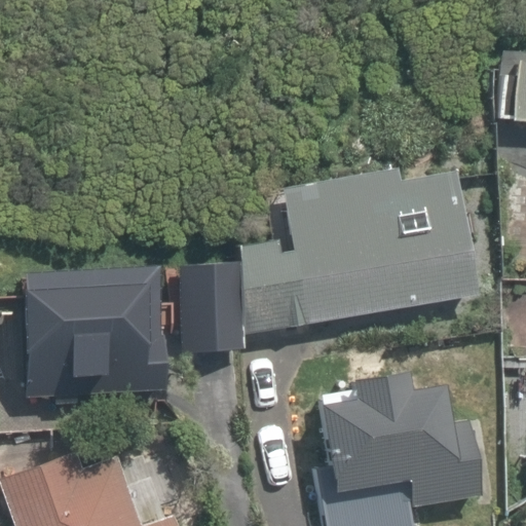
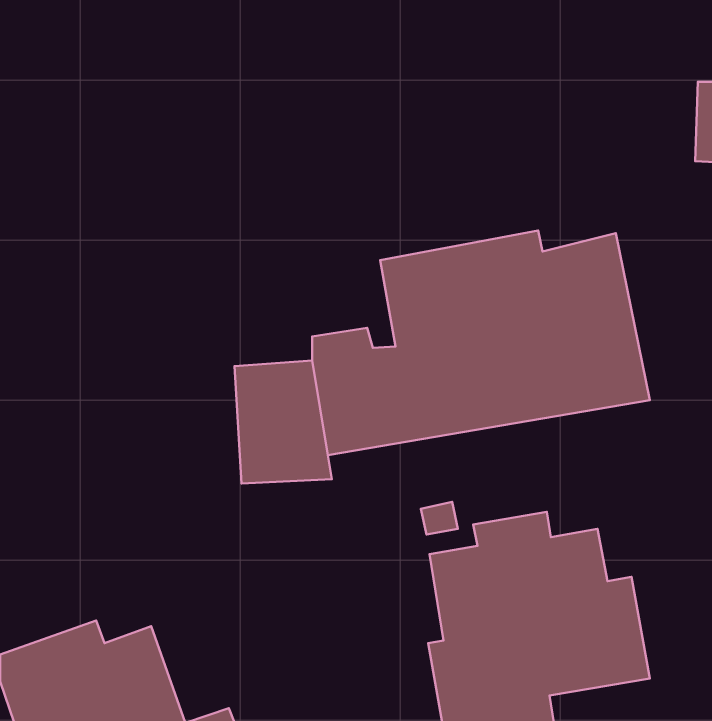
building: [23,264,170,398] -> none

